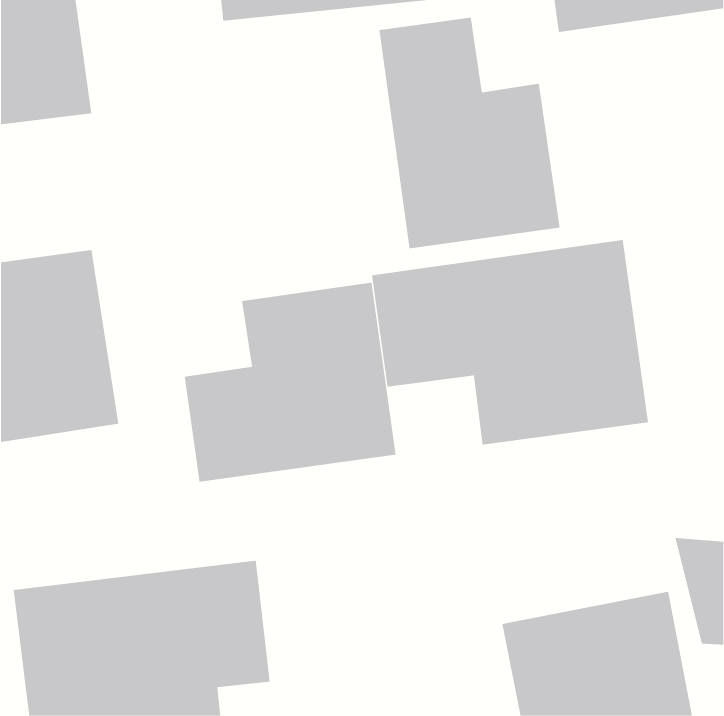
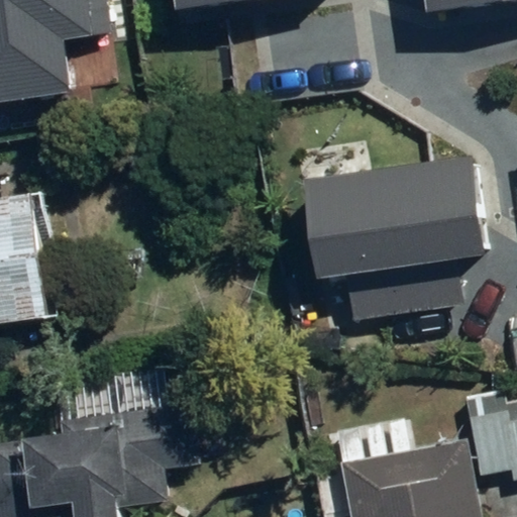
building: [379,17,560,249] -> none
building: [184,282,396,482] -> none

